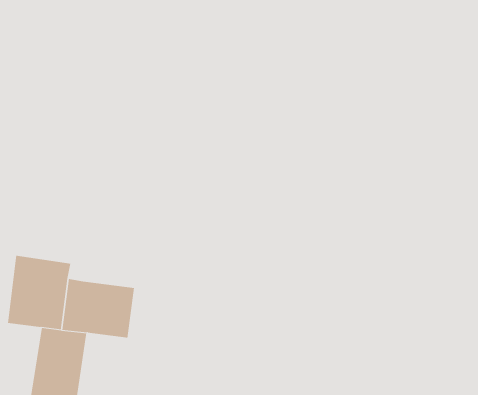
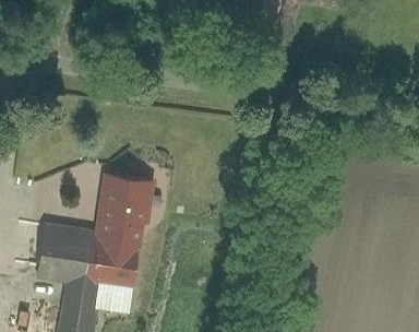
building: none -> [97,165,148,240]

